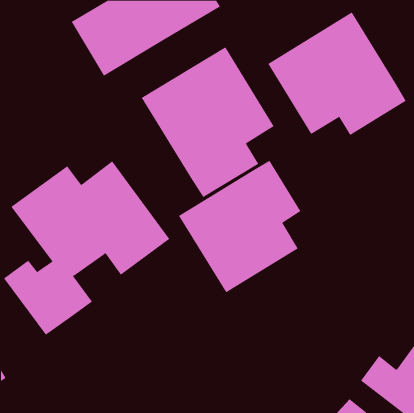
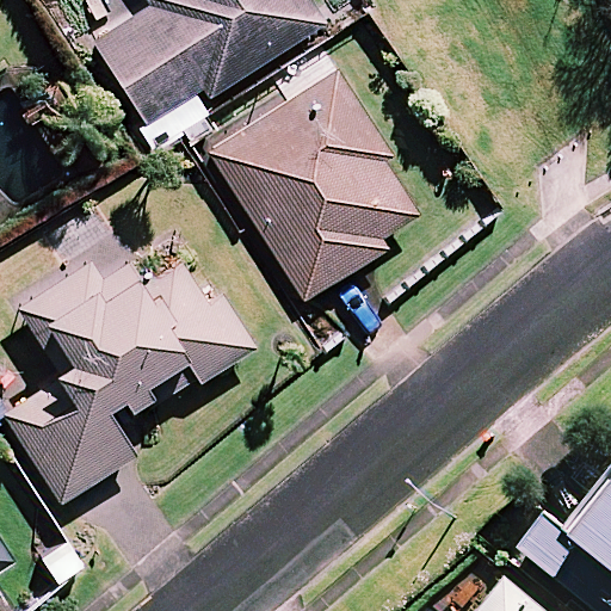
building: [268,11,406,136] -> none
building: [178,160,301,293] -> none

